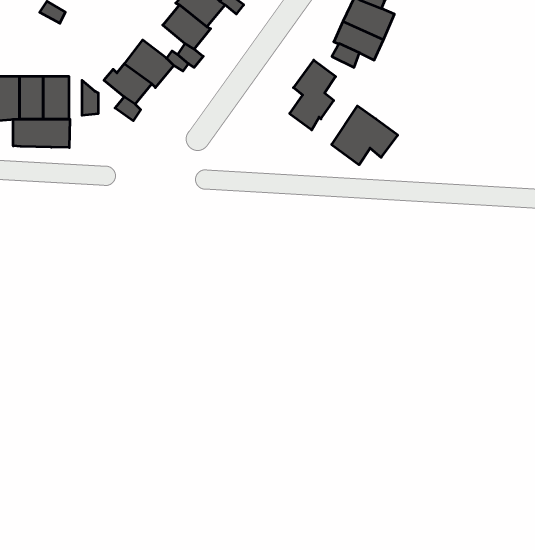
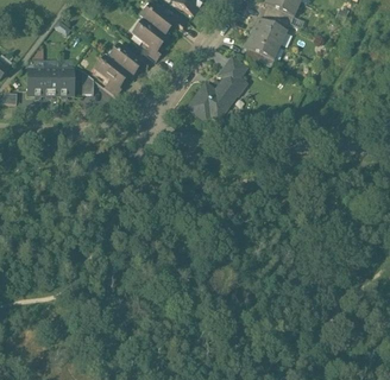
building: [332,106,398,165] -> [188,83,231,121]
building: [13,119,70,148] -> none

